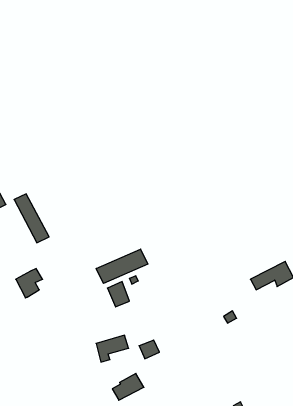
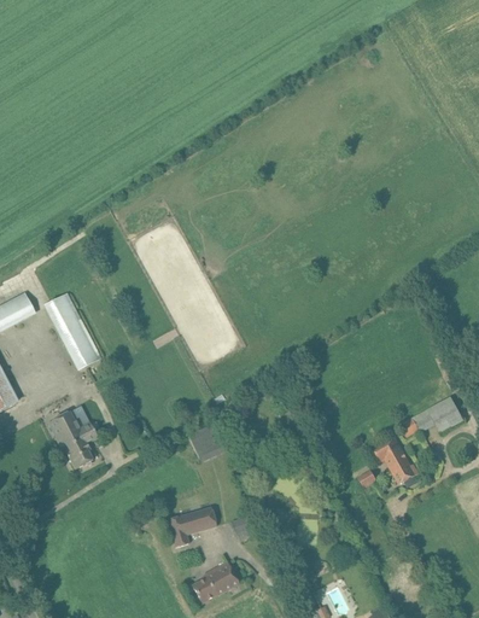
building: [96,249,148,283] -> none
building: none -> [65,420,98,467]
building: none -> [373,436,419,483]

